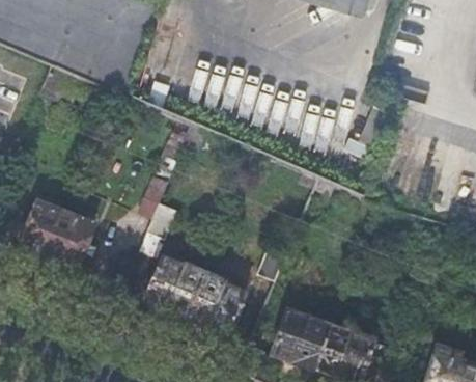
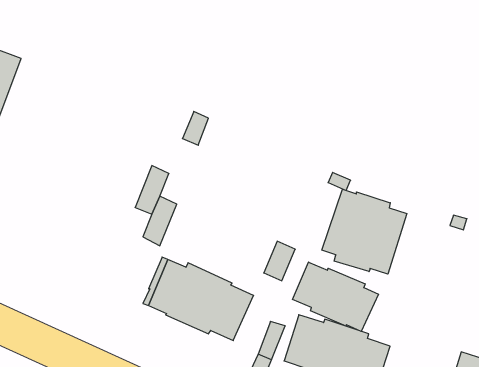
building: none -> [322,189,407,274]
building: [20,198,97,269] -> none
building: none -> [293,262,379,331]

